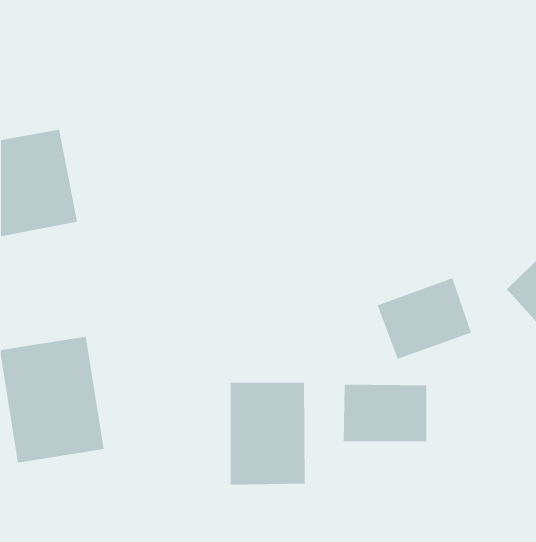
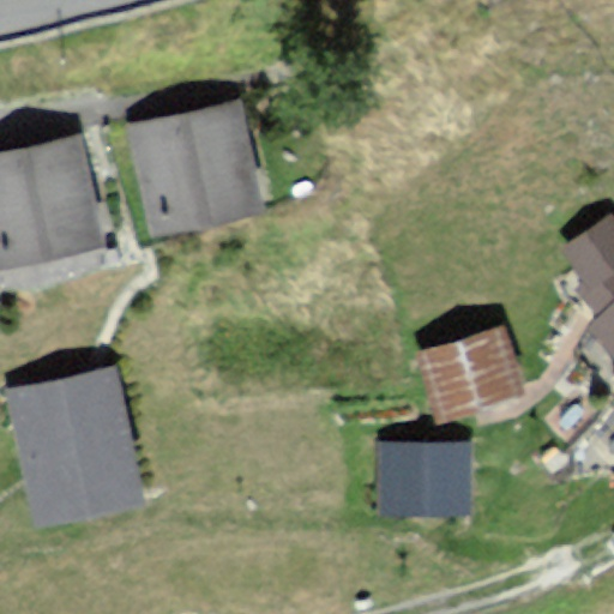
building: none -> [125,112,257,246]
building: [230,382,305,485] -> none

